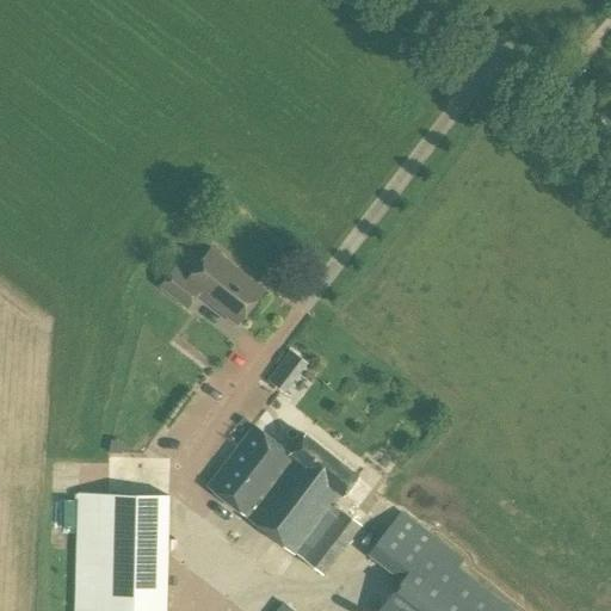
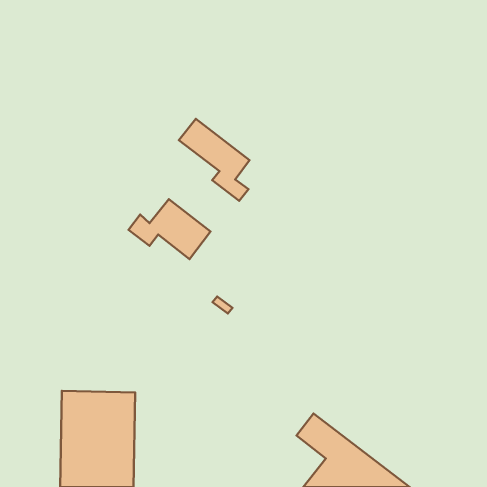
building: none -> [179,119,249,201]
building: [209,427,360,575] -> none

